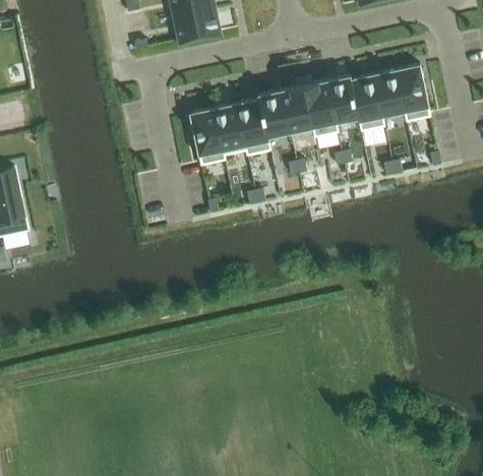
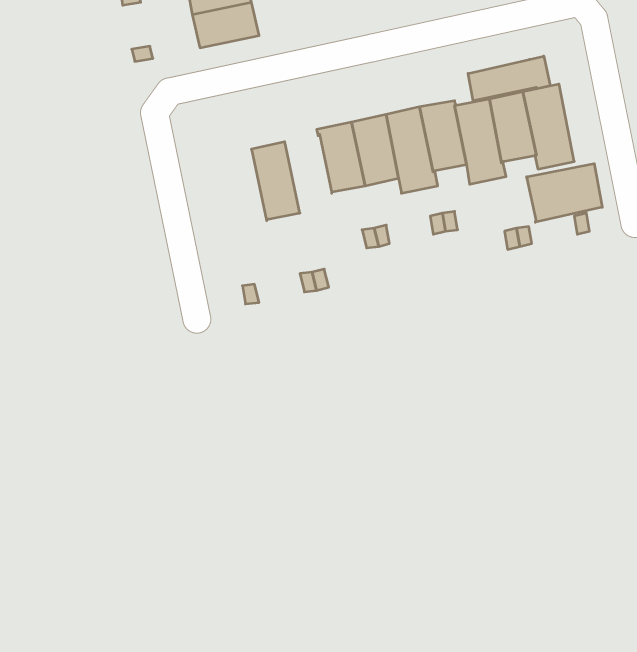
building: none -> [468,56,550,101]
building: [236,99,270,157] -> none
building: [189,109,226,166] -> none
building: none -> [527,164,602,222]

